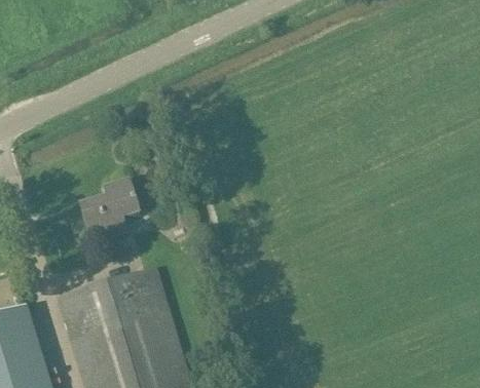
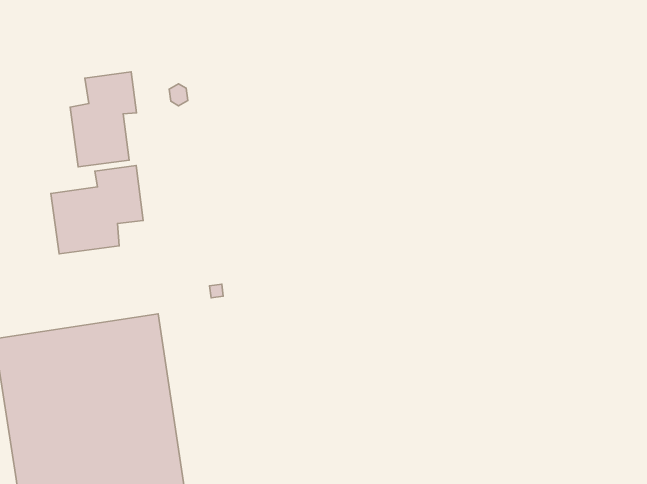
building: none -> [70,72,137,167]

